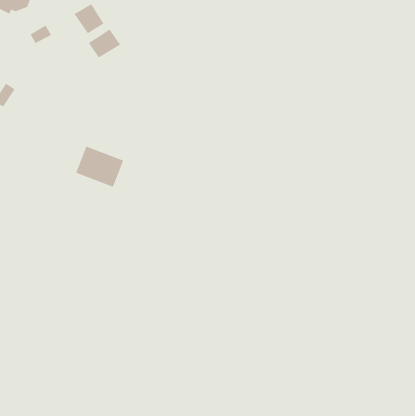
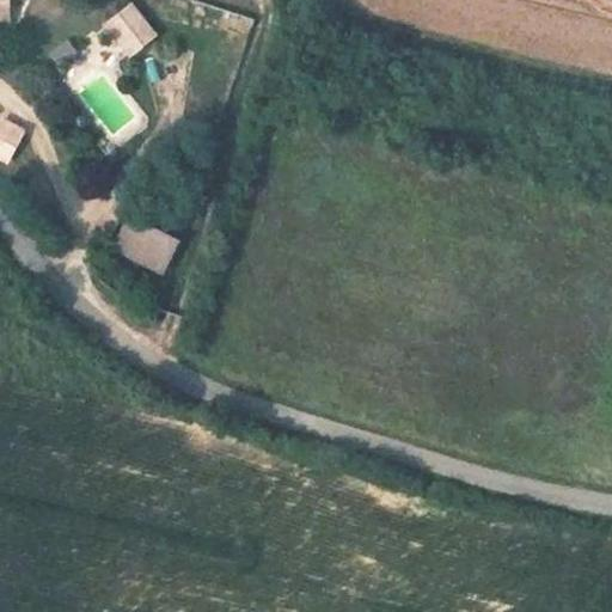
building: [88,29,121,59] -> none

